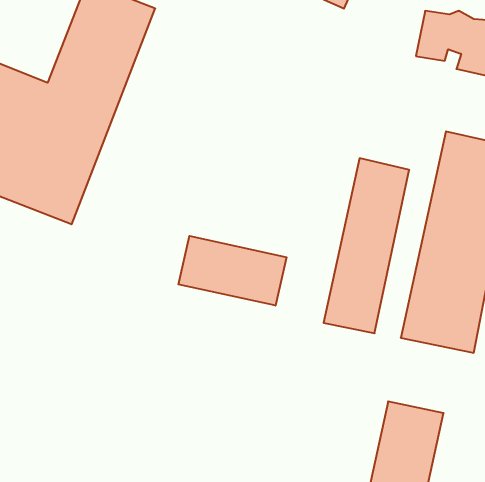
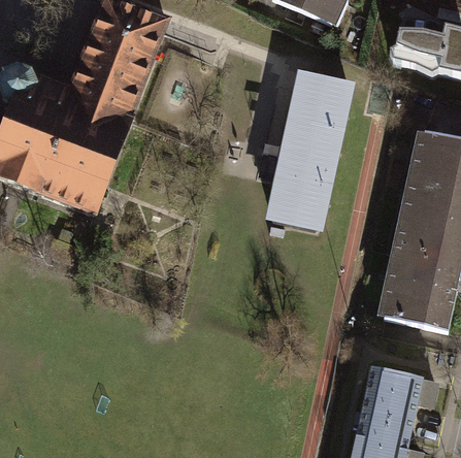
building: [324,158,409,333] -> [272,73,349,229]
building: [178,236,287,306] -> none

